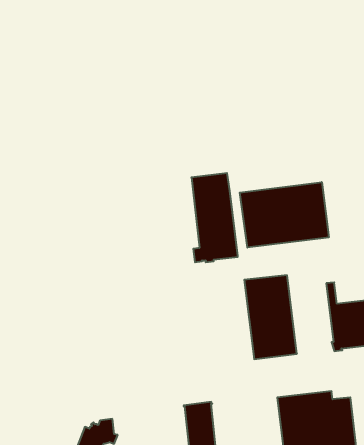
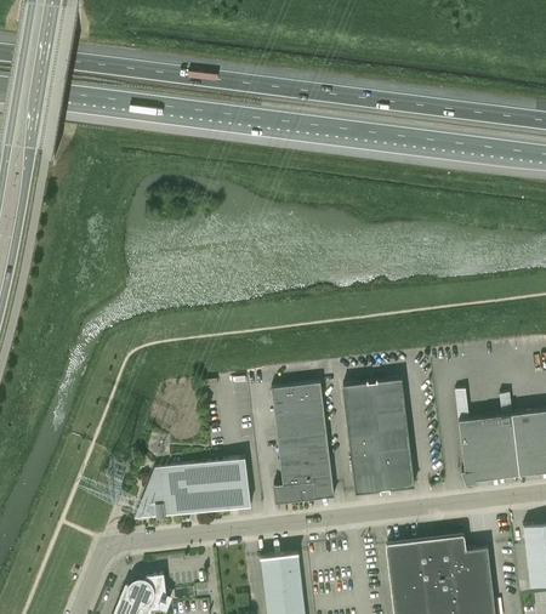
building: [191,173,238,262] -> [271,382,334,504]
building: [240,182,329,248] -> none
building: none -> [133,457,250,521]

